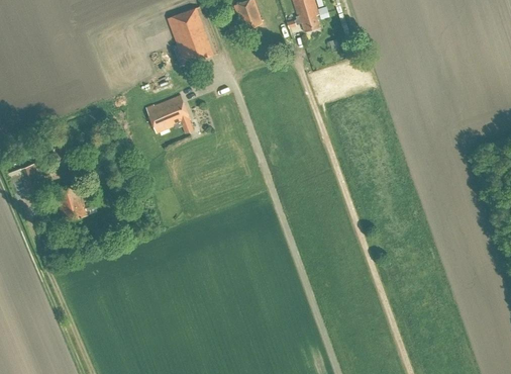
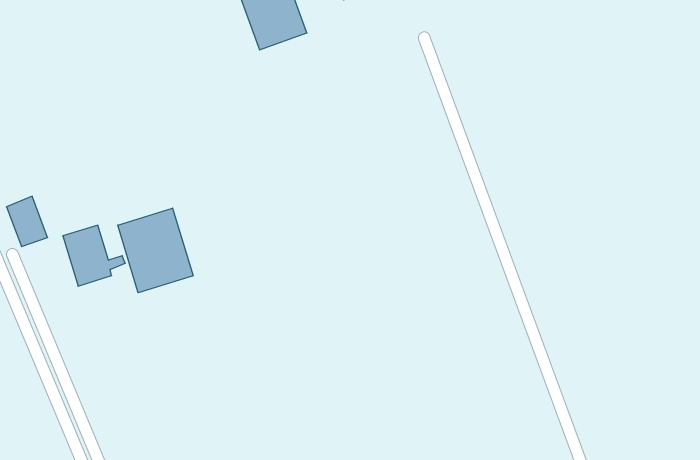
building: [146,95,194,133] -> none
building: none -> [118,208,193,293]

